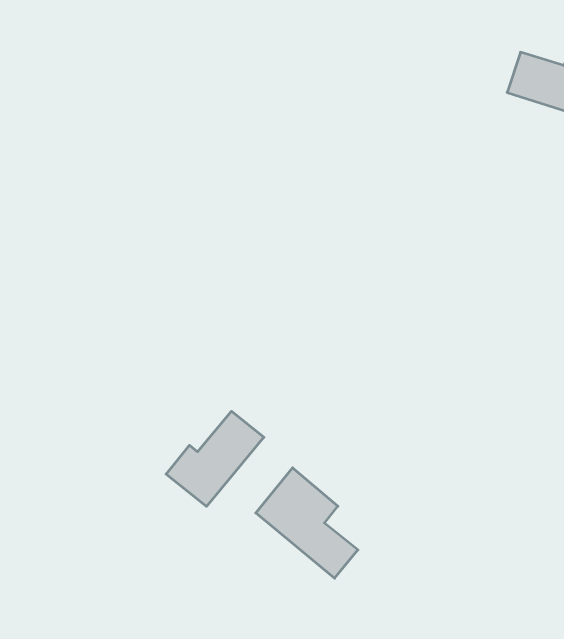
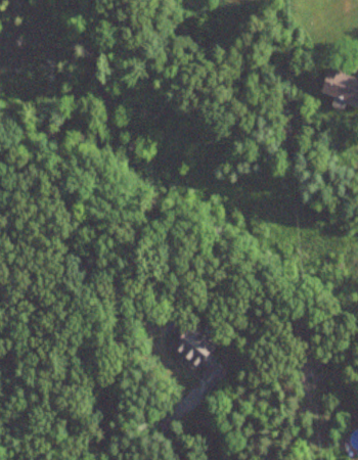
building: [166,411,264,506] -> none

